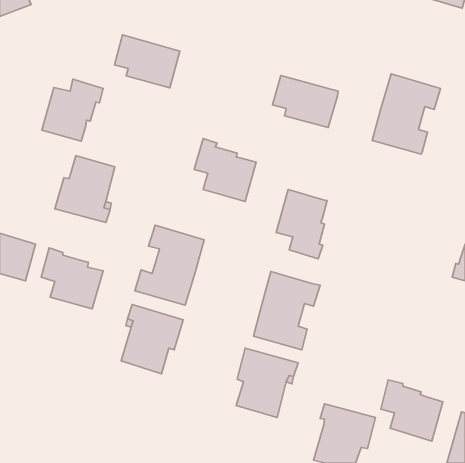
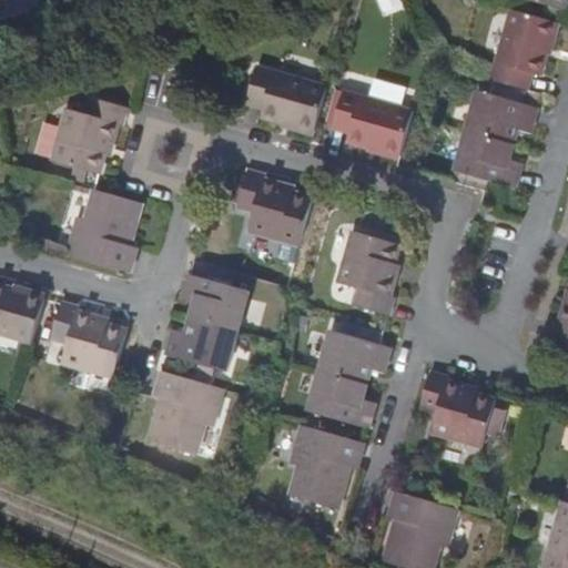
building: none -> [490,9,555,90]
building: [114,35,180,88] -> [246,67,326,131]
building: [381,380,443,441] -> [419,373,495,447]

